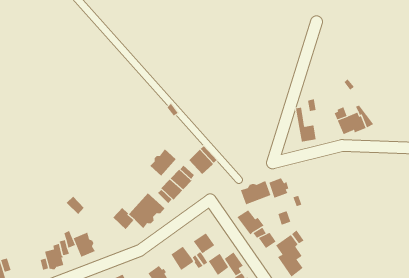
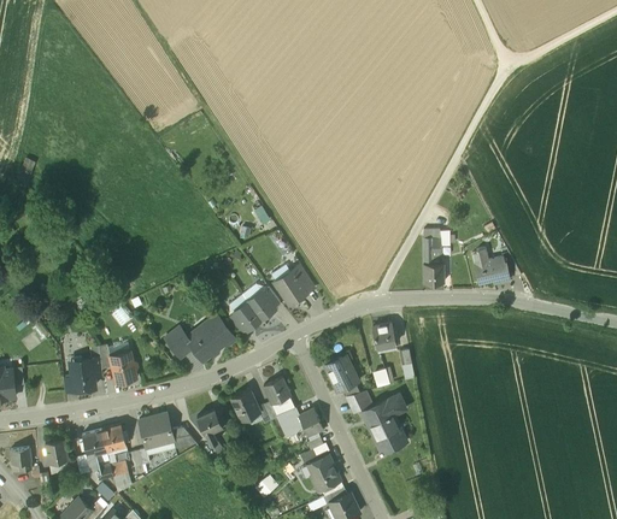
building: [149,148,177,176] -> none
building: [240,180,271,205] -> none

